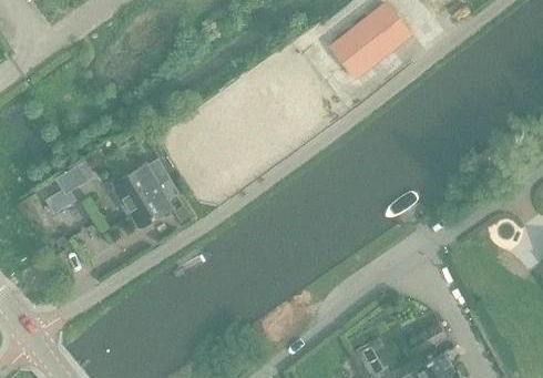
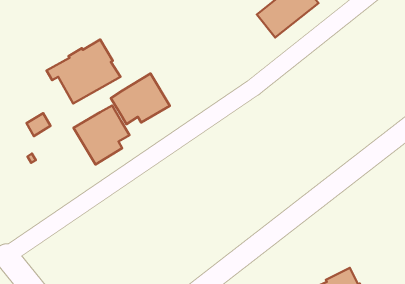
building: none -> [46,40,120,104]
building: none -> [111,73,170,124]

